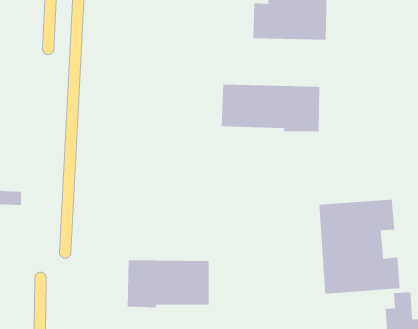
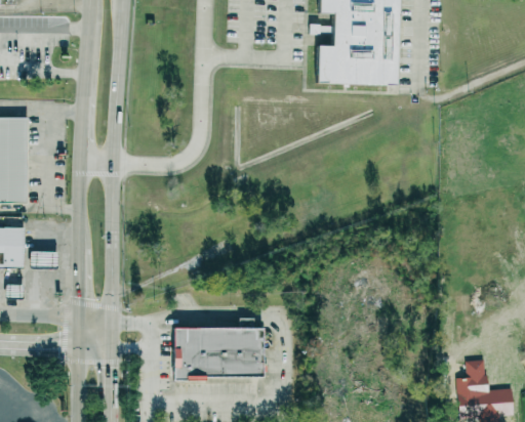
building: [221,84,320,132] -> none
building: [319,199,400,294] -> none

